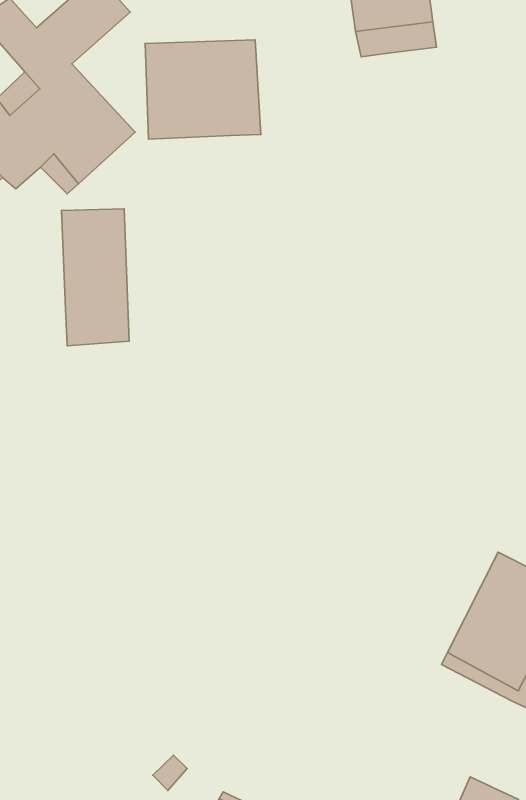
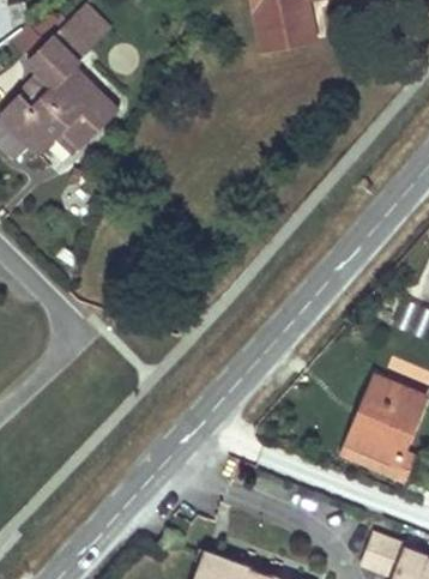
building: [145,40,261,139] -> none
building: [61,209,129,346] -> none

